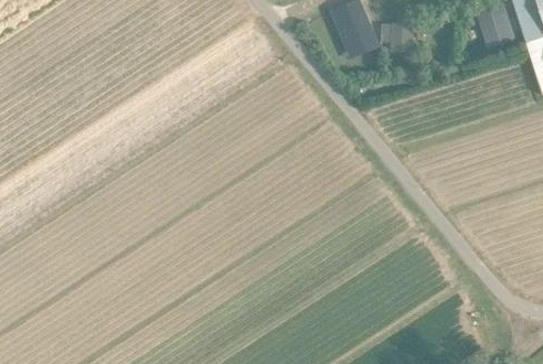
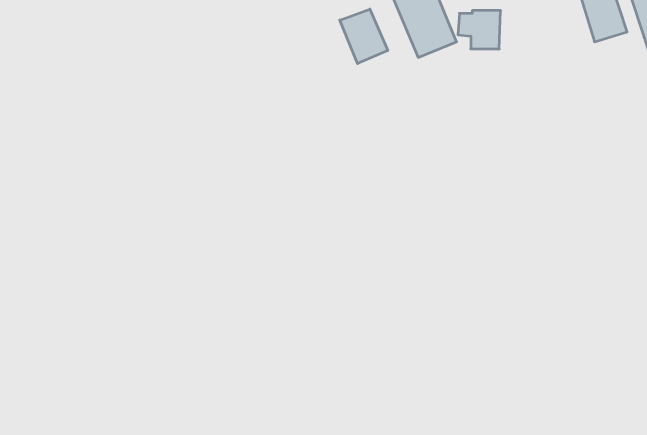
building: none -> [340,9,388,64]

